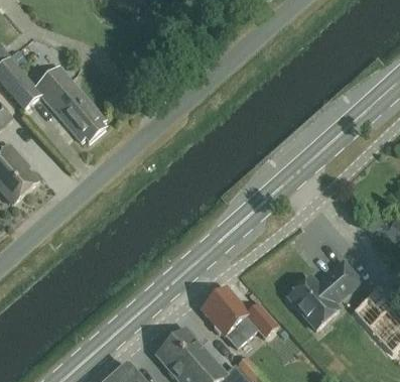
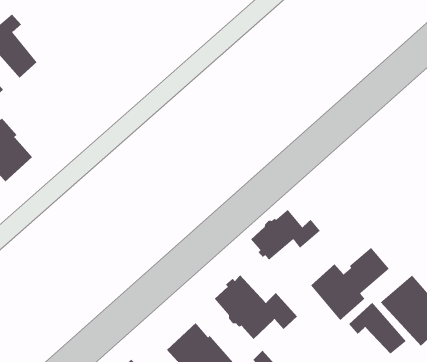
building: [35,66,106,141] -> none
building: none -> [250,209,321,261]
building: none -> [348,302,407,355]

